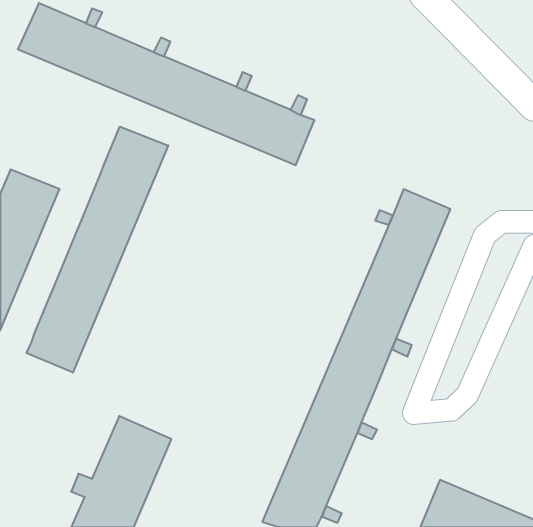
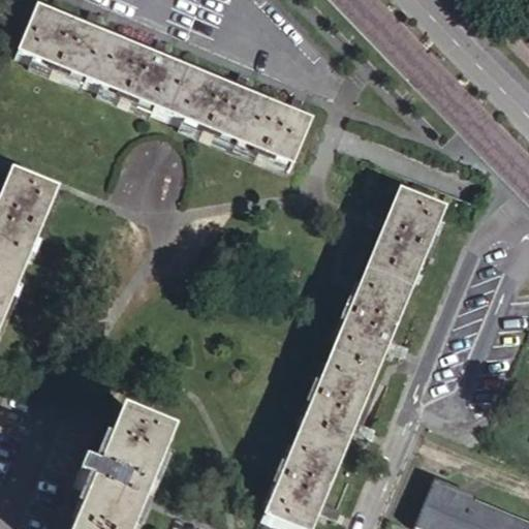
building: [27,127,168,373] -> none

